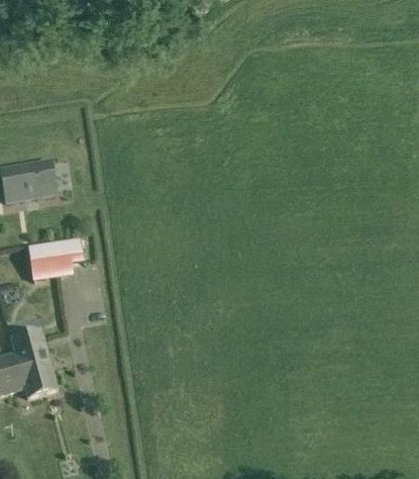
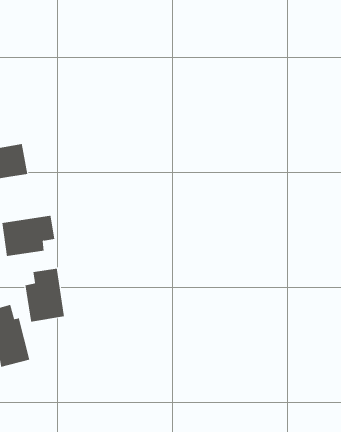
building: none -> [25,268,65,322]

